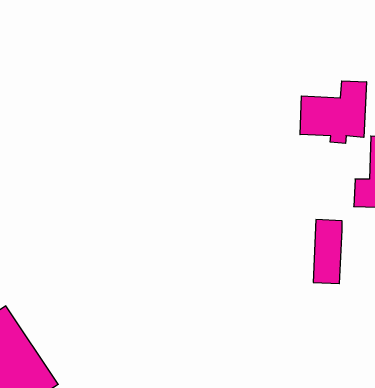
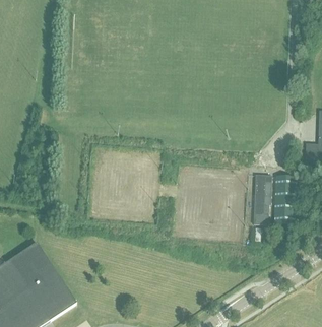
building: [300,81,366,143] -> none
building: none -> [253,174,271,224]

